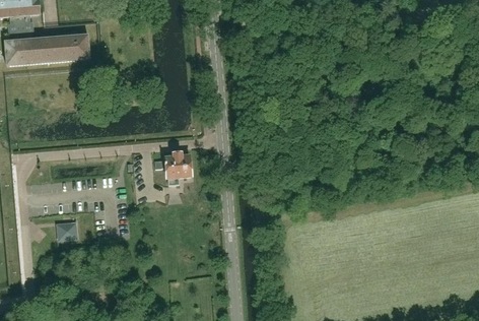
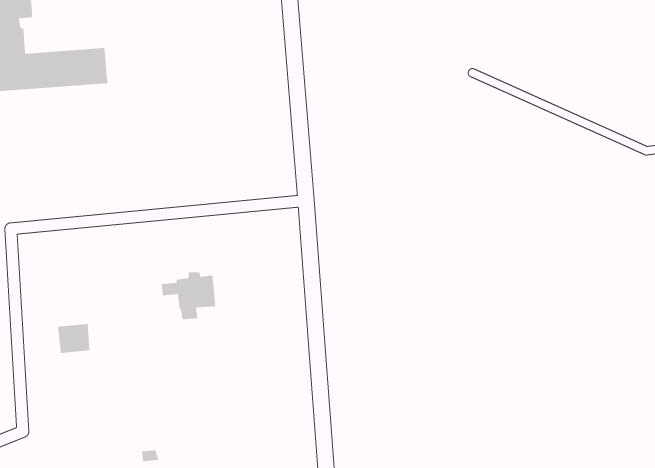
building: [153,152,191,185] -> [161,272,216,320]

